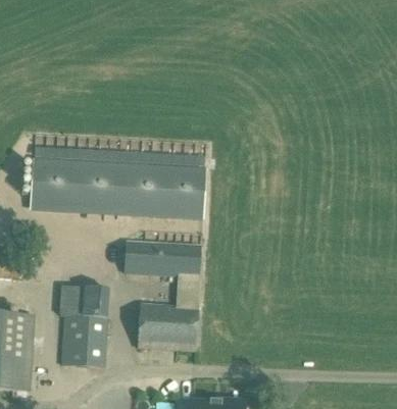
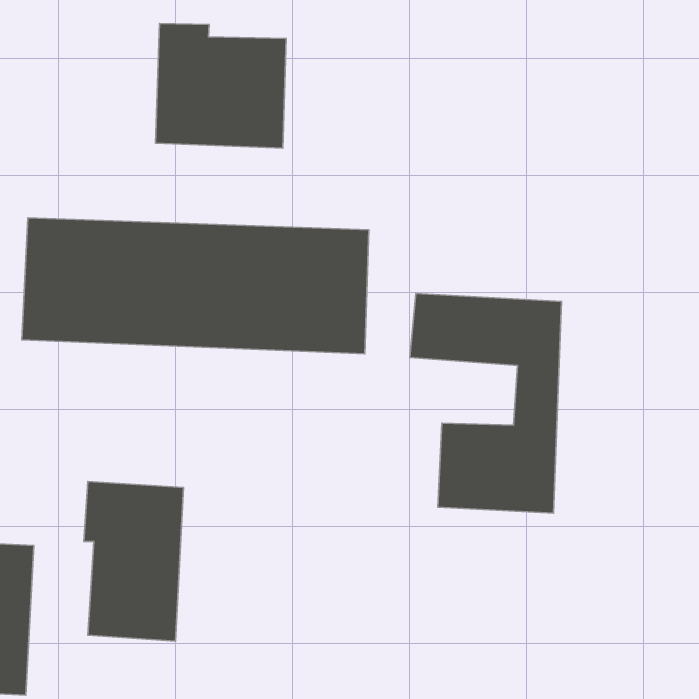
building: none -> [156,23,286,148]
building: [122,238,200,350] -> [410,294,562,513]

